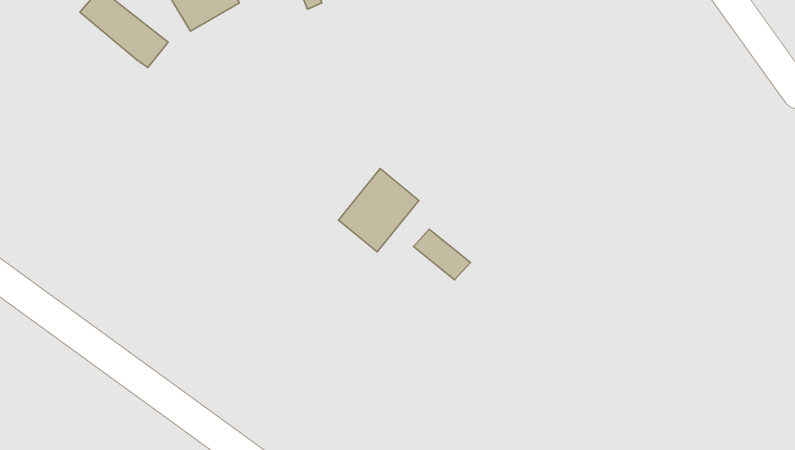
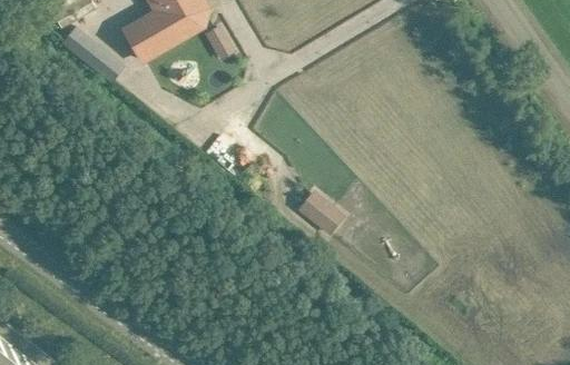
building: [339,169,419,252] -> none

